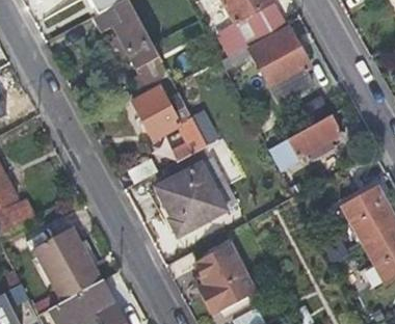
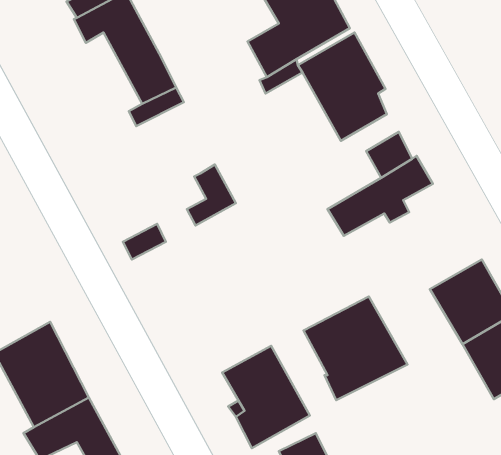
building: [133,85,183,138] -> none
building: [154,163,227,236] -> [304,296,407,400]

